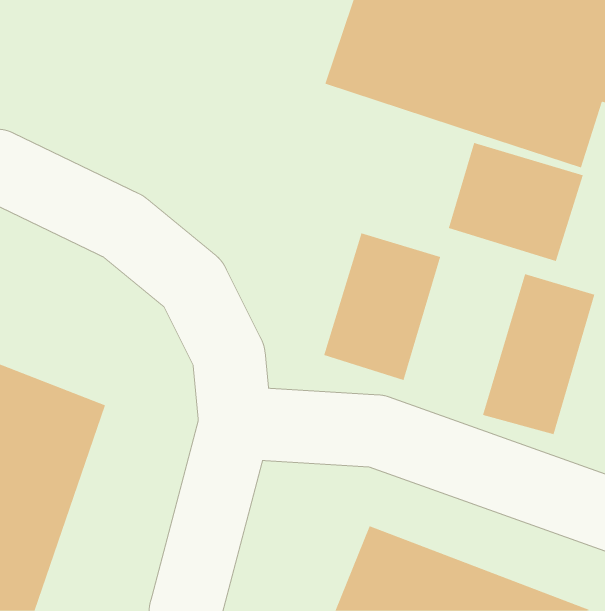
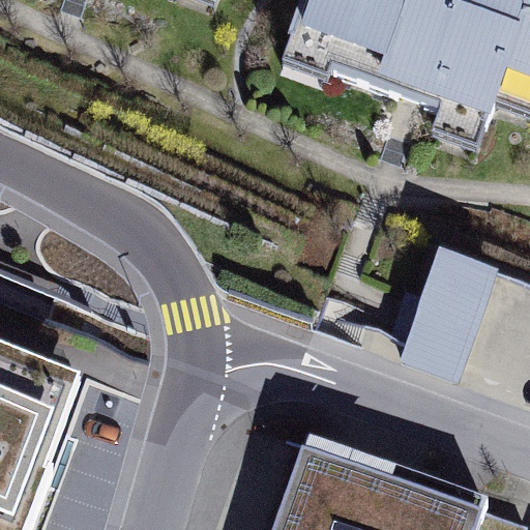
building: [448,142,584,262] -> none
building: [323,233,441,381] -> none

